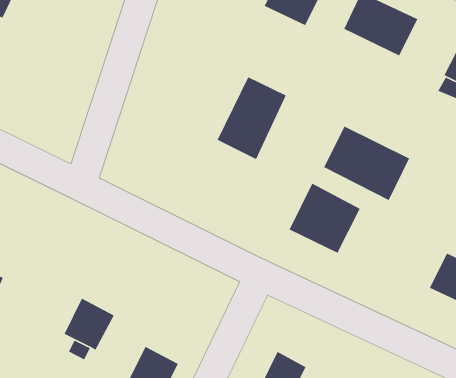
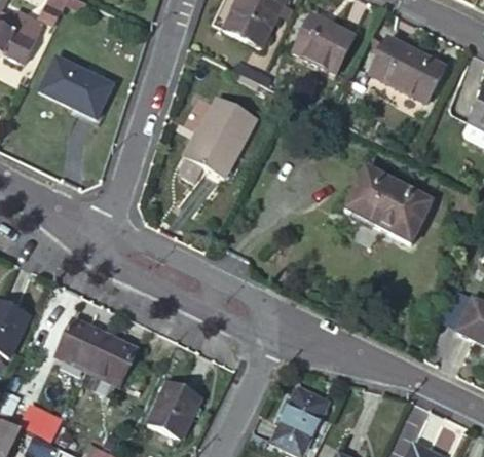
building: none -> [43,56,116,119]
building: [217,76,287,160] -> [186,94,255,177]
building: [289,182,361,254] -> none
building: none -> [58,318,107,371]

